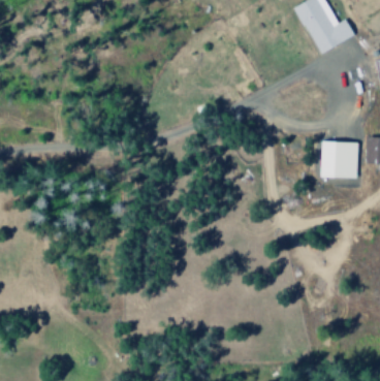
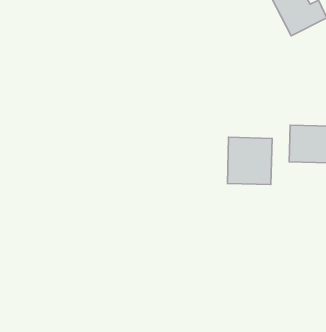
building: none -> [228,137,272,185]

